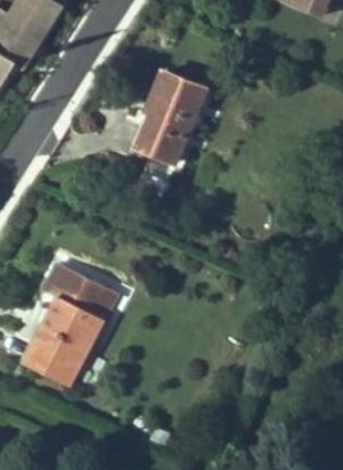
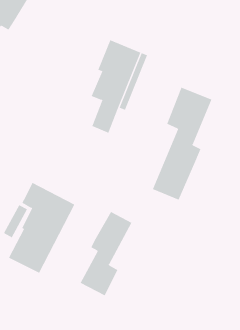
building: none -> [152,87,212,200]
building: none -> [80,211,132,296]

